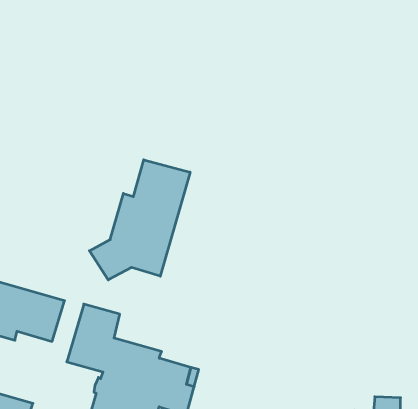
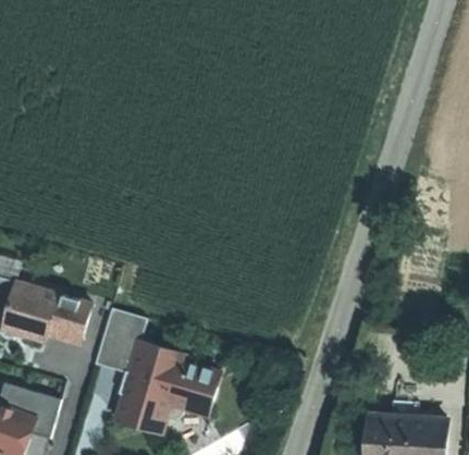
building: [89,160,190,280] -> none

